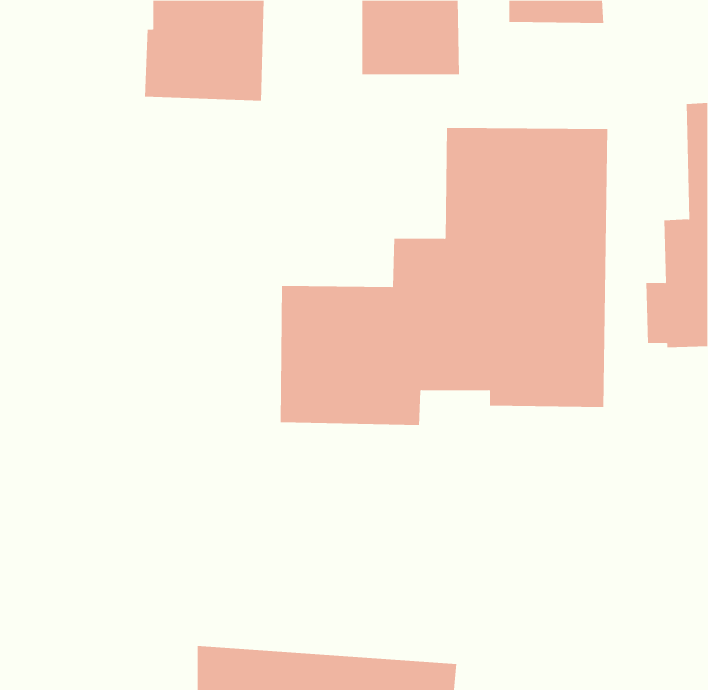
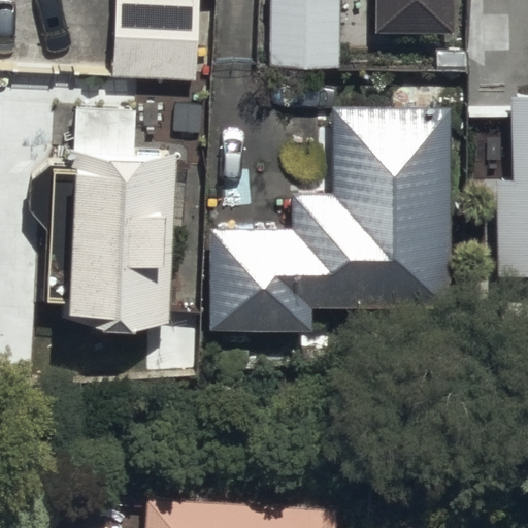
building: none -> [61,102,178,318]

